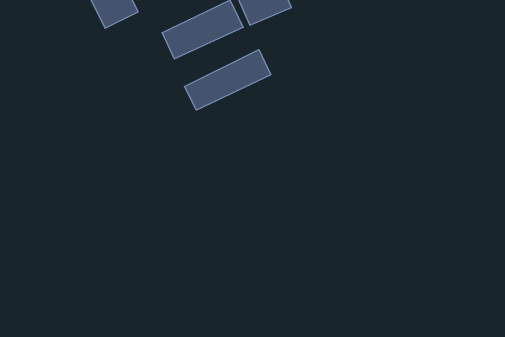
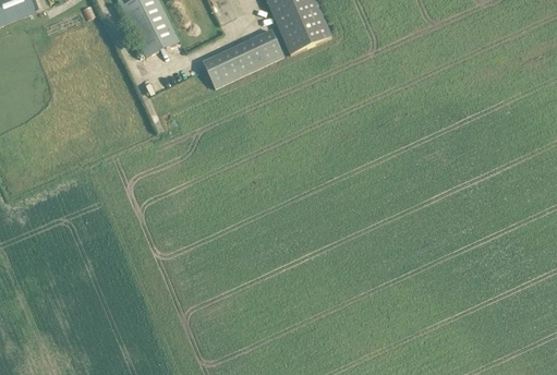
building: [184,50,271,110] -> none

